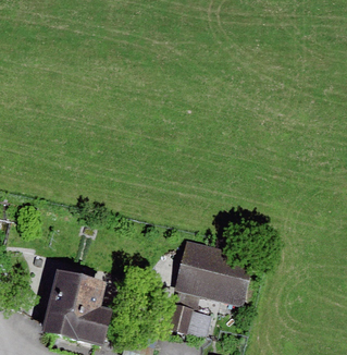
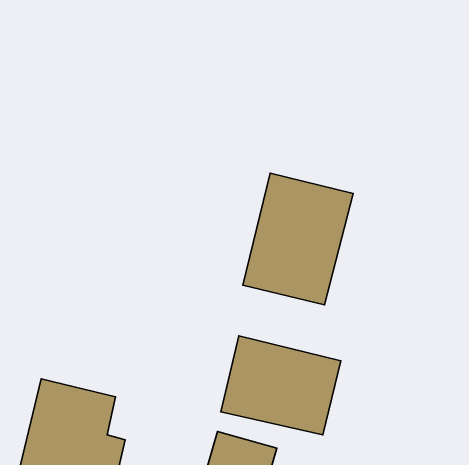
building: none -> [243,173,353,305]

